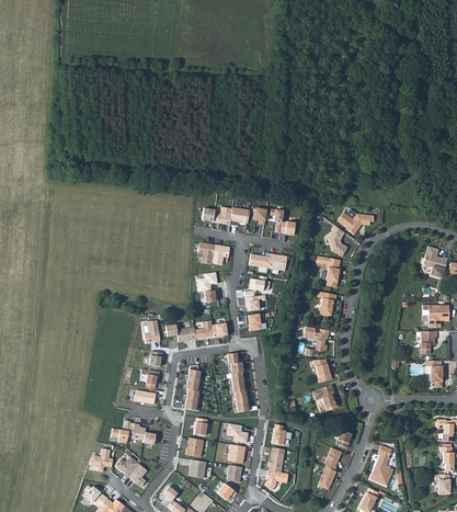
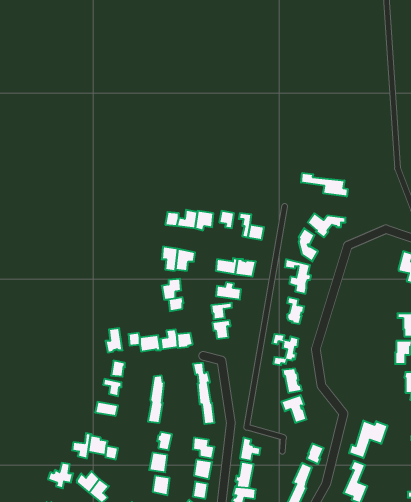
building: none -> [301,173,348,197]
building: none -> [349,420,387,458]

